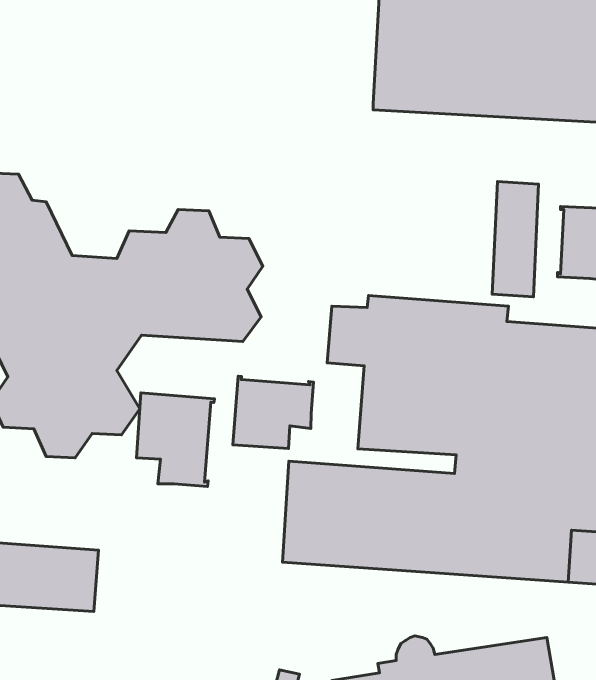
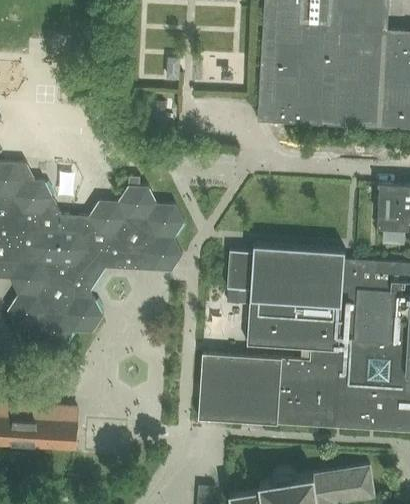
building: [492,182,539,297] -> none
building: [233,376,314,448] -> none
building: [137,393,214,487] -> none

